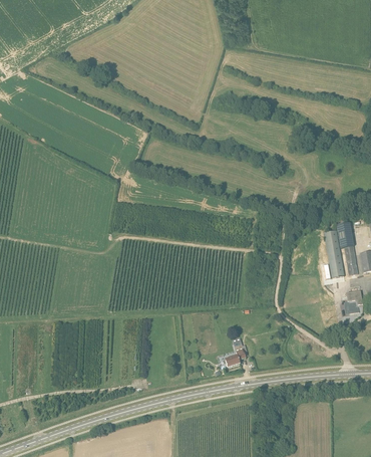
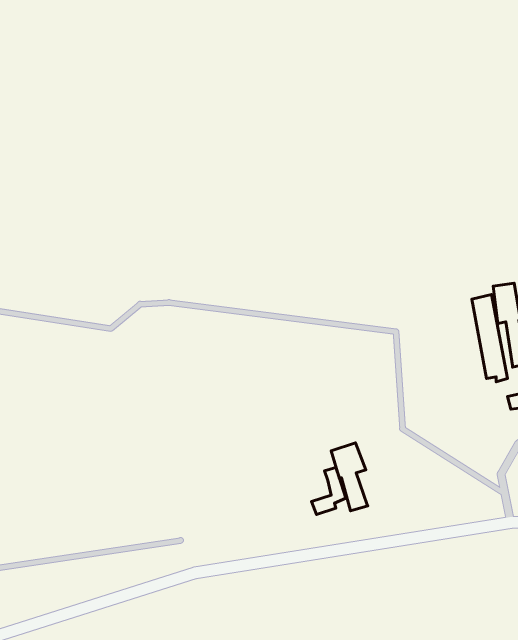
building: none -> [331,443,368,511]

